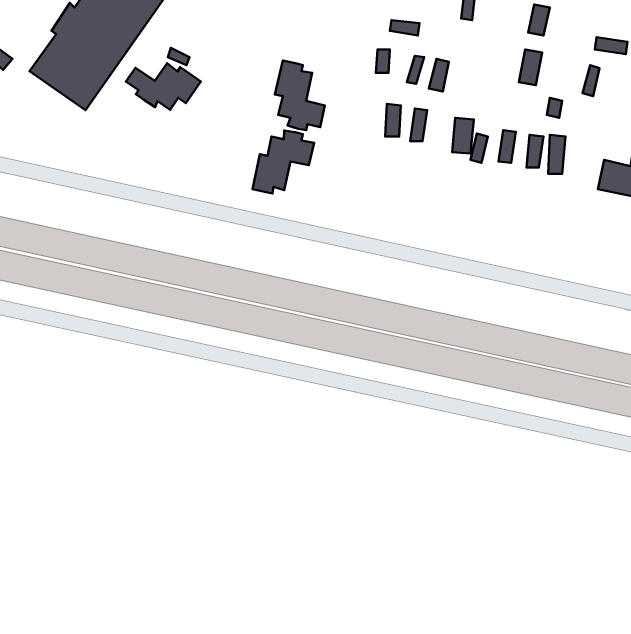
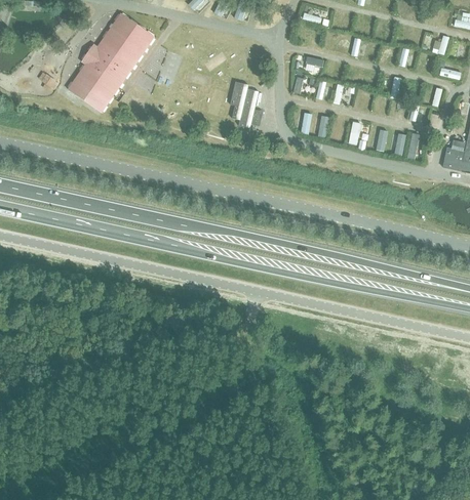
building: [126,63,201,110] -> none
building: [252,131,314,193] -> none

